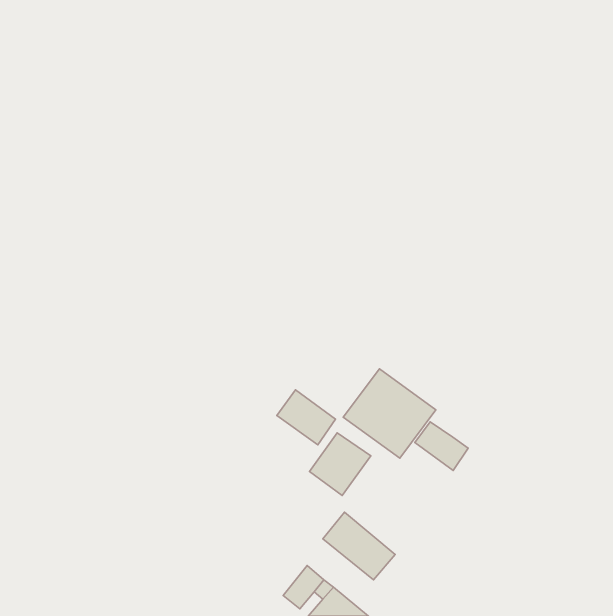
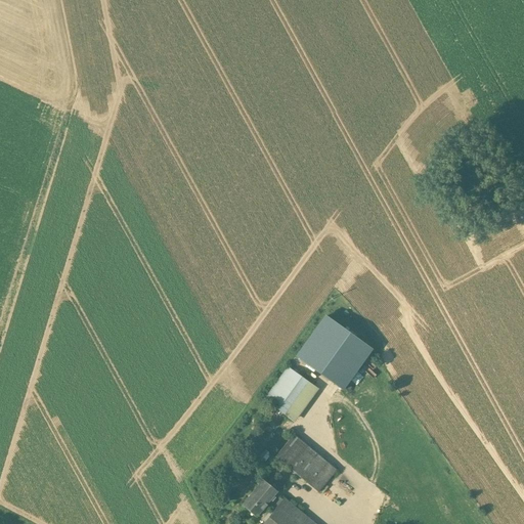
building: [277,390,336,445] -> none
building: [415,422,468,470] -> none

